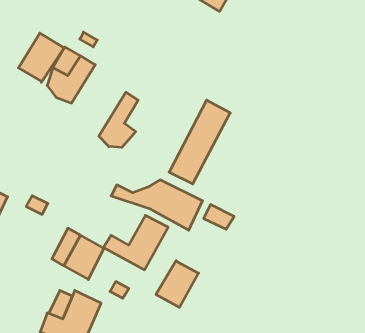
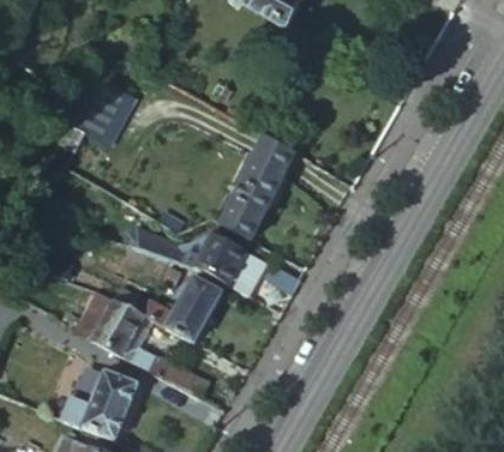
building: [18,33,64,82] -> none
building: [99,92,138,147] -> none
building: [156,261,199,307] -> none

